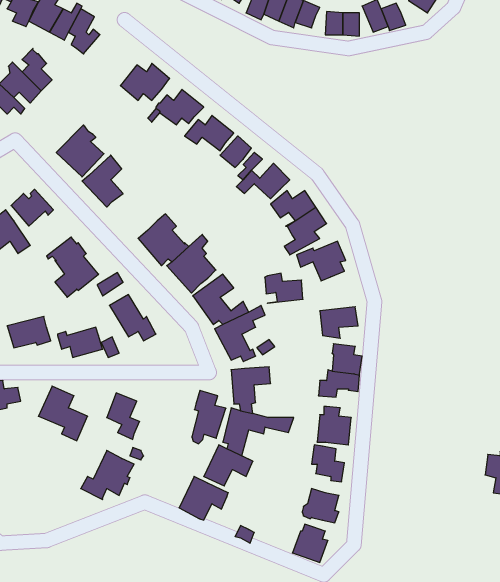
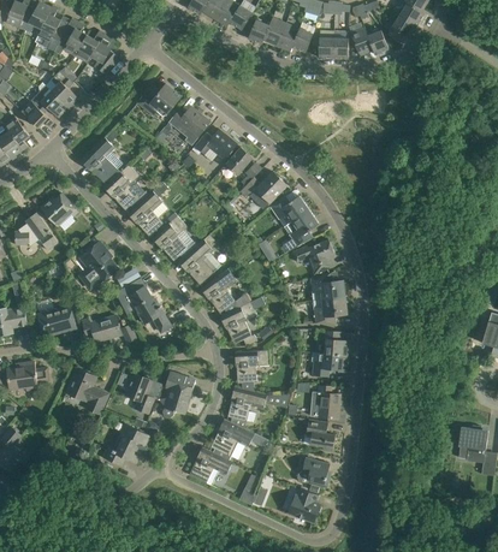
building: none -> [128,182,168,236]
building: [265,273,303,303] -> [310,274,344,301]
building: [192,390,226,444] -> [162,372,192,419]

